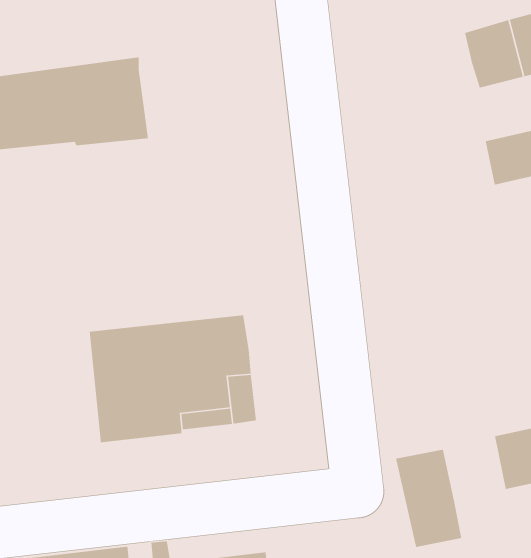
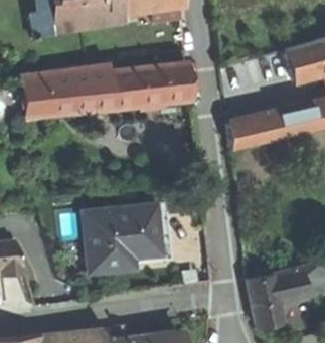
building: none -> [110,62,191,108]
building: none -> [227,106,301,148]
building: none -> [274,268,307,303]

